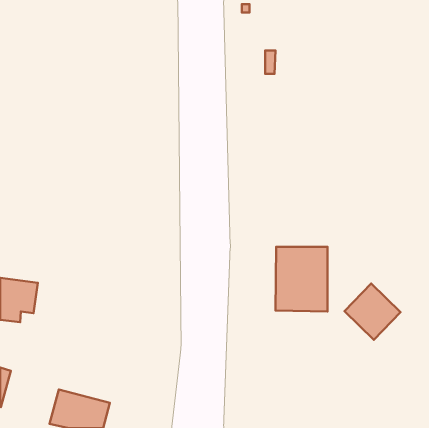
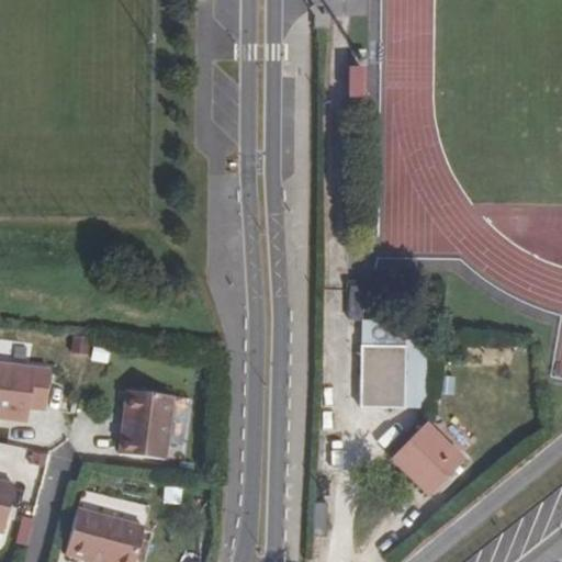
building: [344,284,401,340] -> [392,423,465,496]
building: none -> [119,390,173,459]

